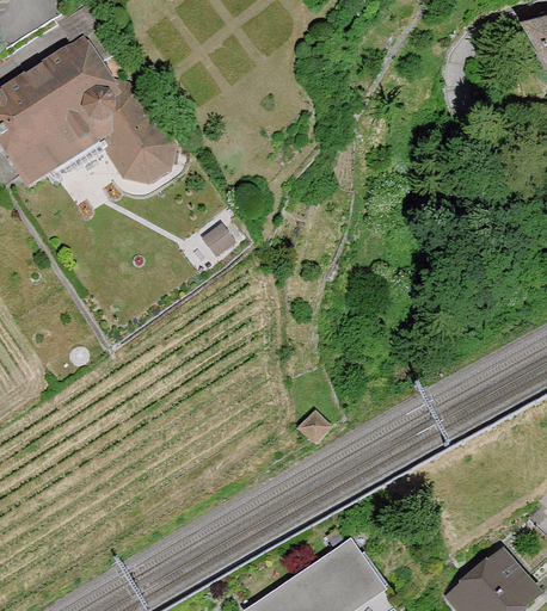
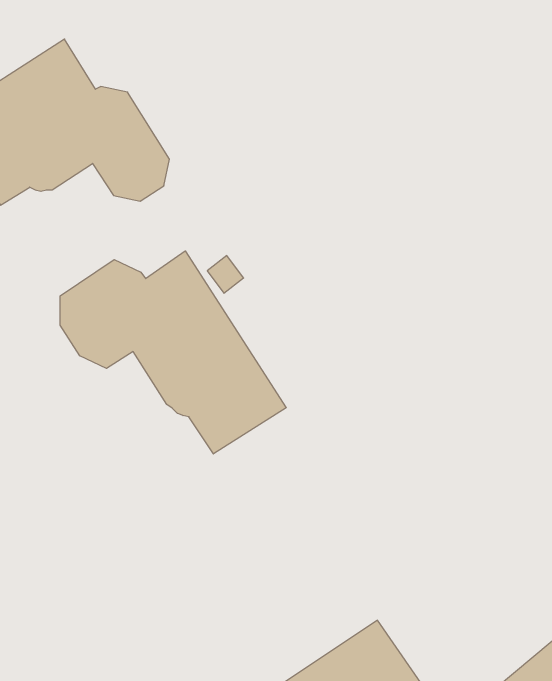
building: none -> [60,251,286,454]

